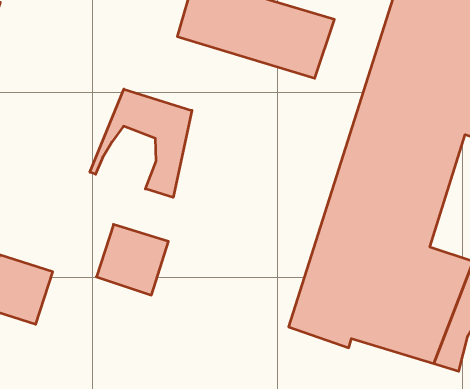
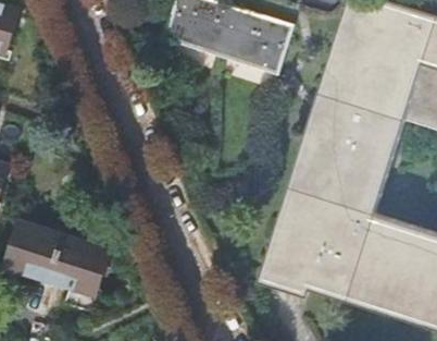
building: [90,89,192,197] -> none
building: [96,224,168,295] -> [49,235,109,294]

